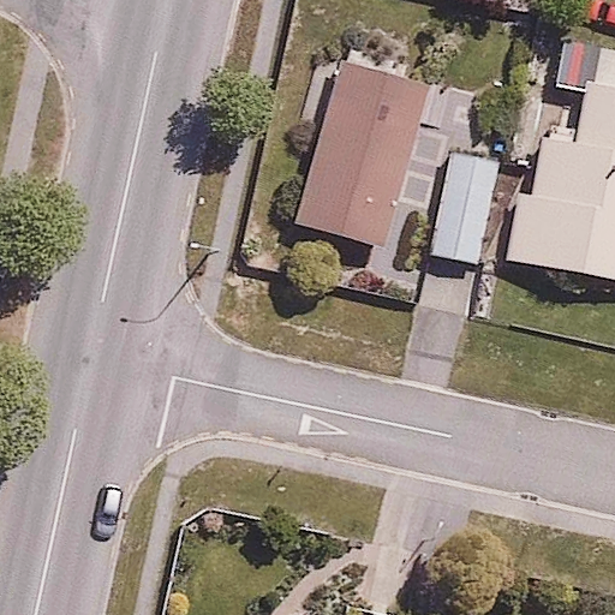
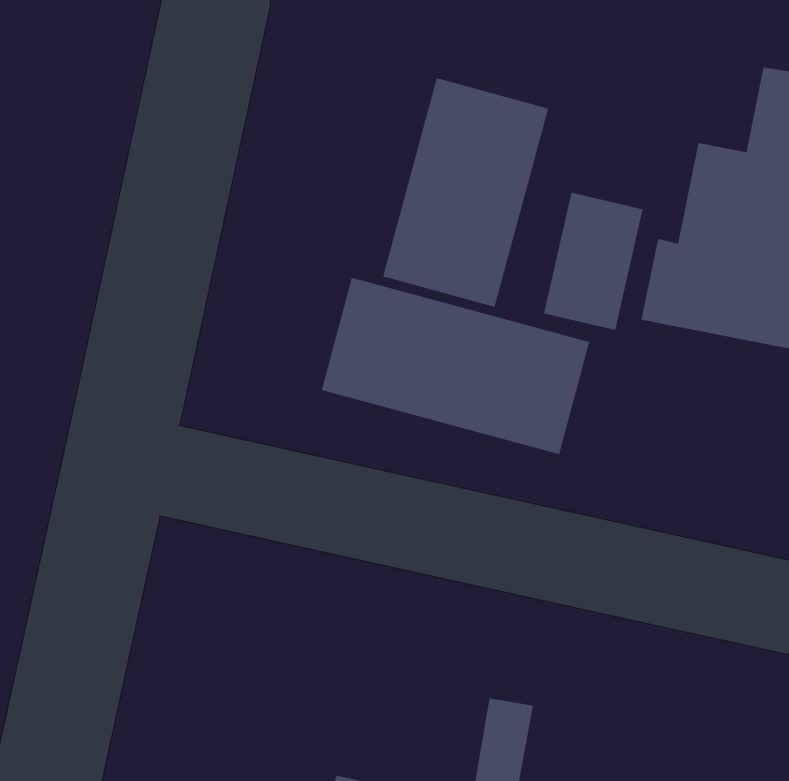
building: none -> [321,277,590,455]

